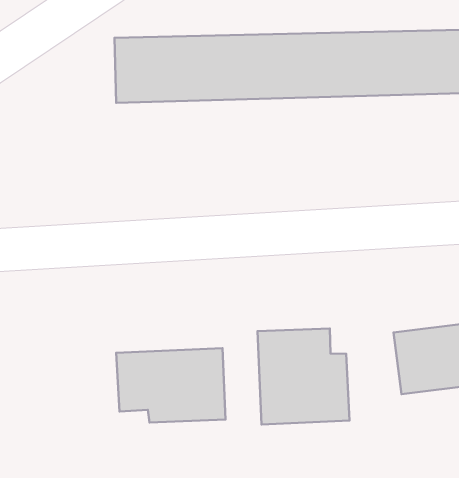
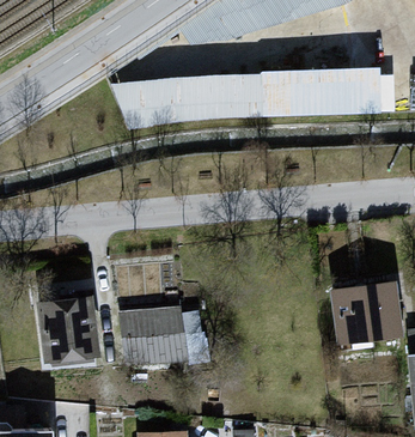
building: [257,328,350,425] -> none
building: none -> [48,296,94,362]

